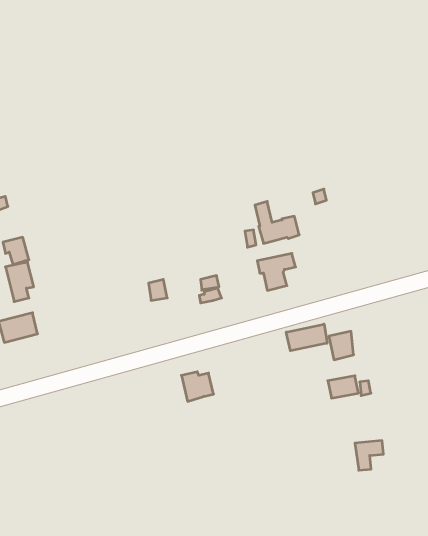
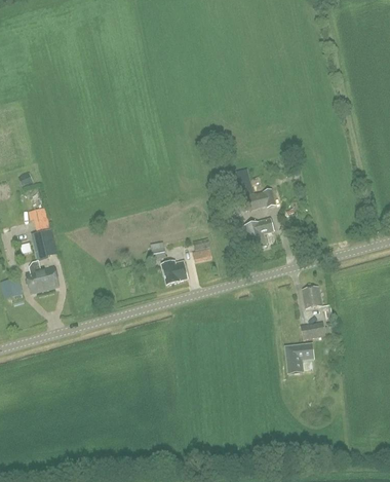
building: [286,324,327,351] -> none
building: [181,372,214,401] -> [161,260,188,285]
building: [355,441,383,470] -> [287,345,311,370]

